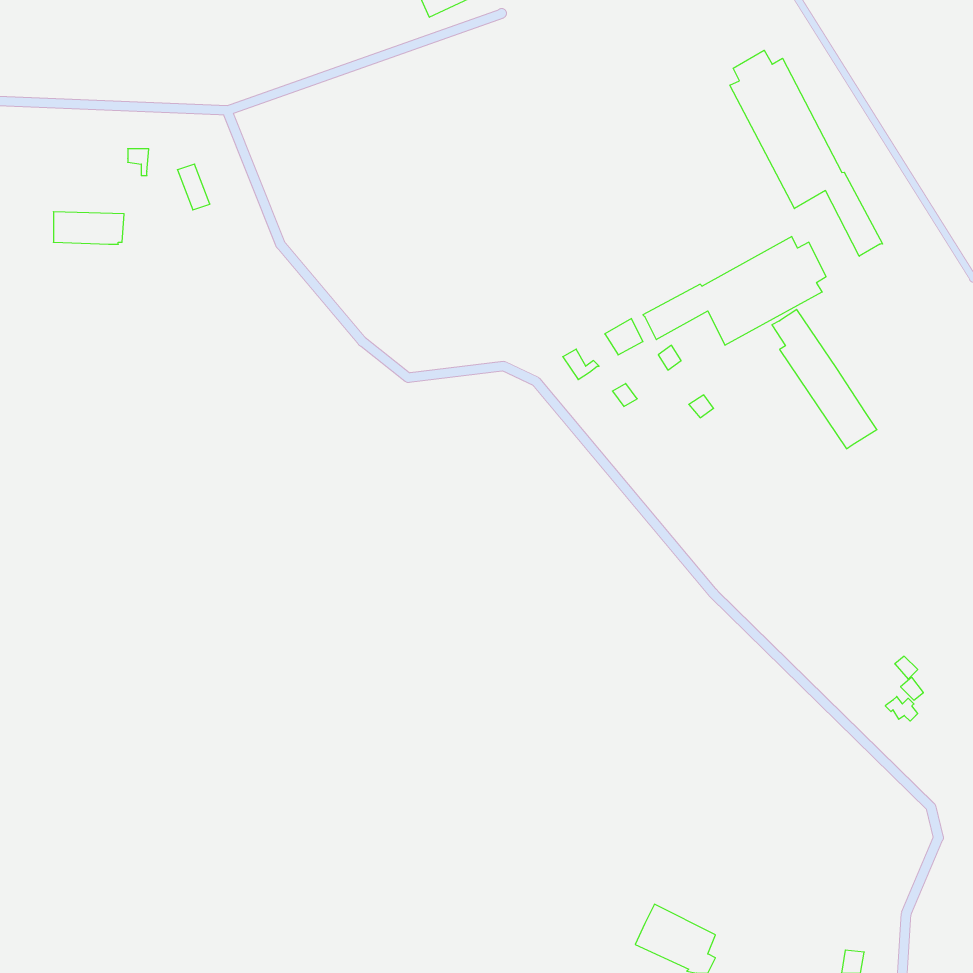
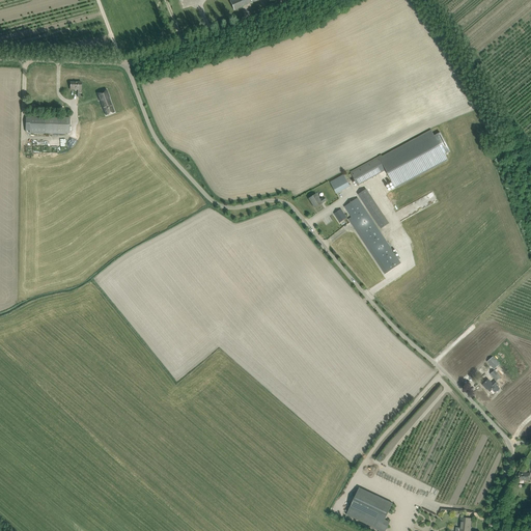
building: [730,50,883,256] -> none
building: [772,309,877,449] -> [343,197,400,273]

